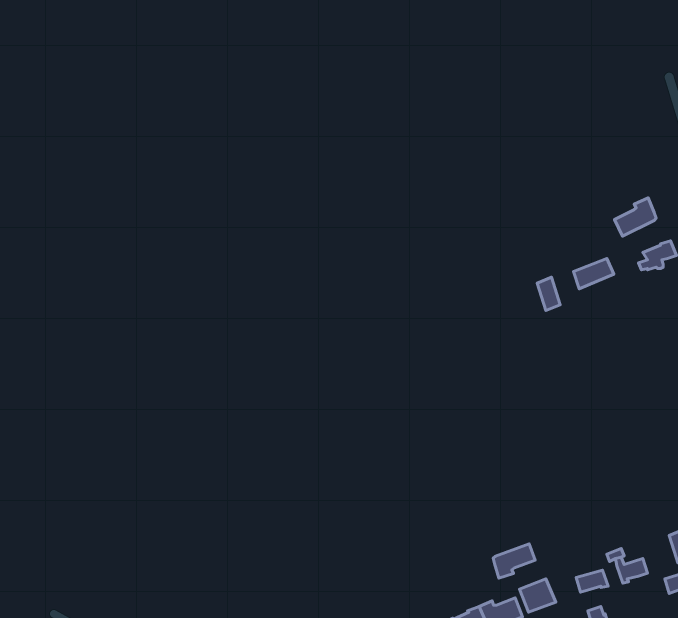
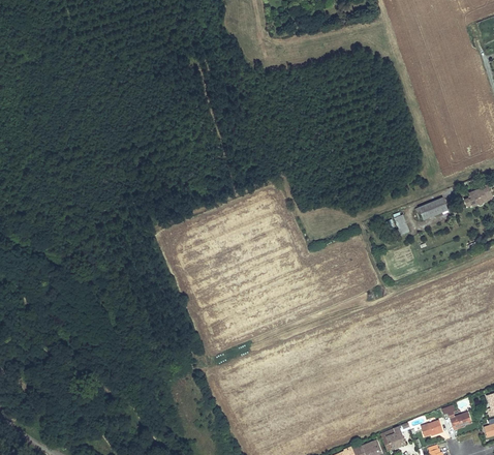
building: [614,198,656,236] -> none
building: [493,544,535,578] -> none

